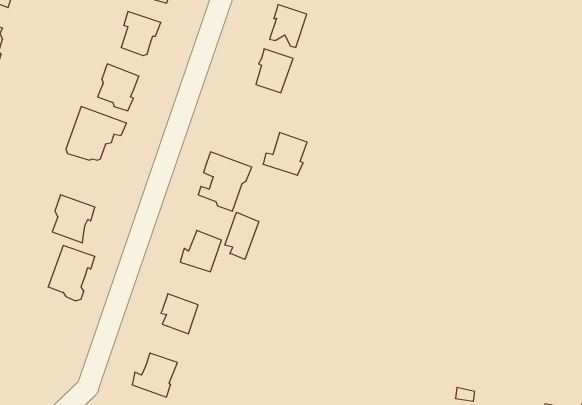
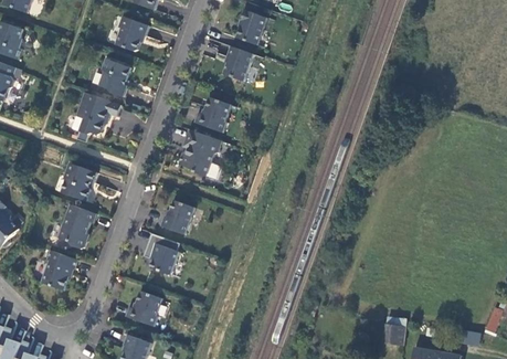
building: [263,133,307,175] -> [196,95,231,129]
building: [225,212,259,259] -> none
building: none -> [43,250,78,291]

